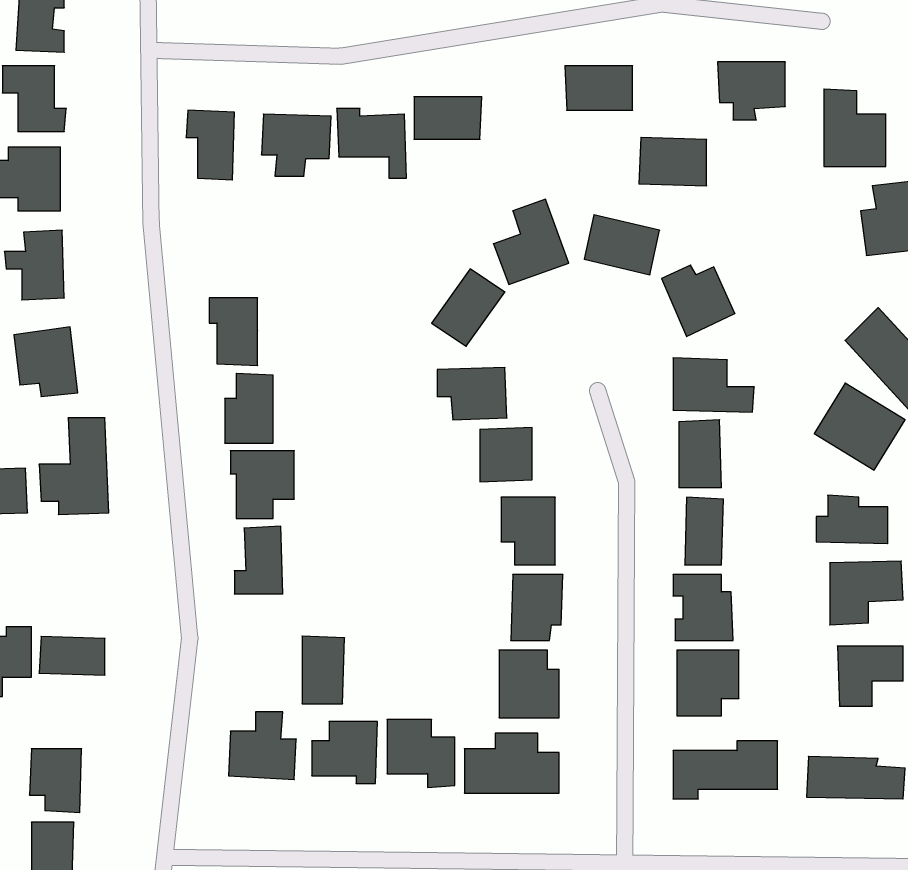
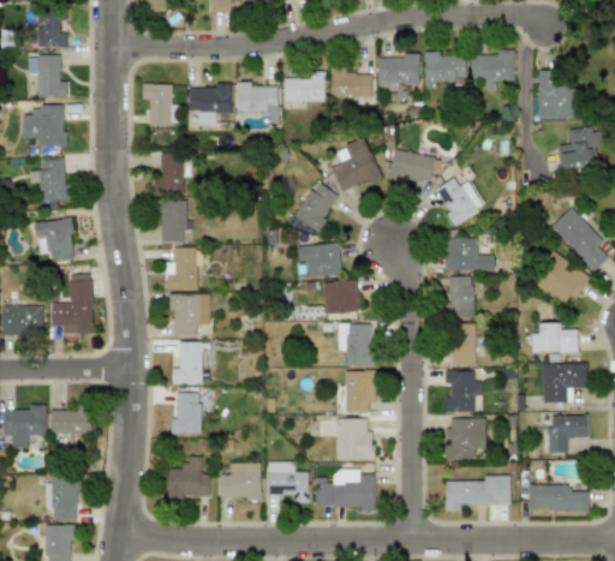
building: none -> [330,72,371,97]
building: [639,137,707,186] -> [424,54,466,84]
building: none -> [153,153,184,192]
building: [302,636,345,704] -> [174,392,201,434]

